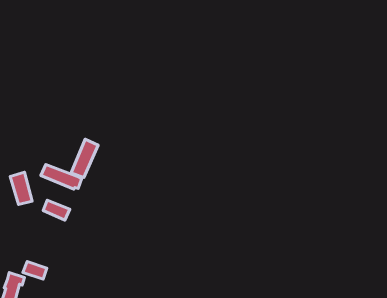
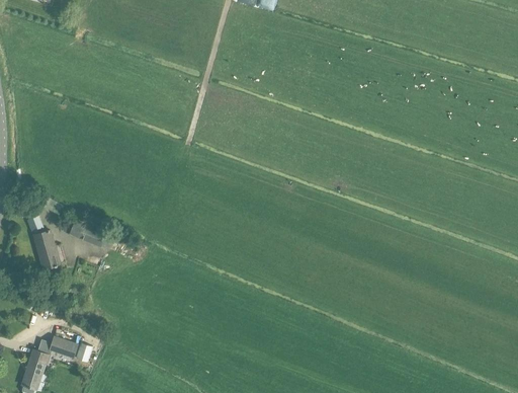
building: [71,139,98,178] -> none
building: [43,200,70,220] -> none

